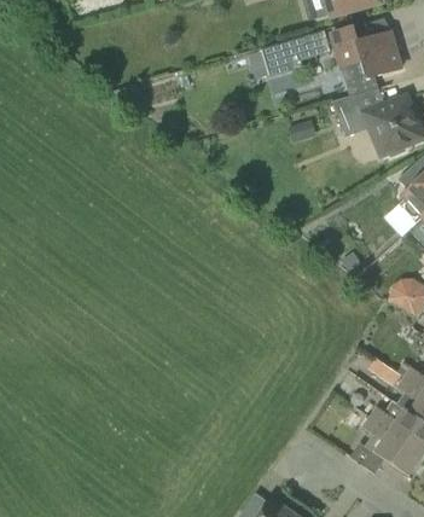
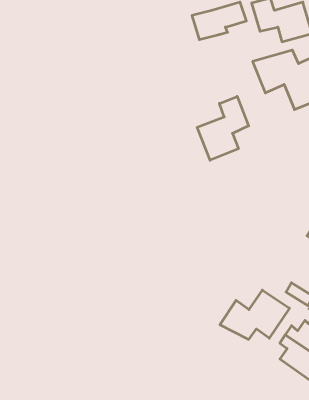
building: none -> [197,96,249,160]
building: none -> [220,290,289,339]

